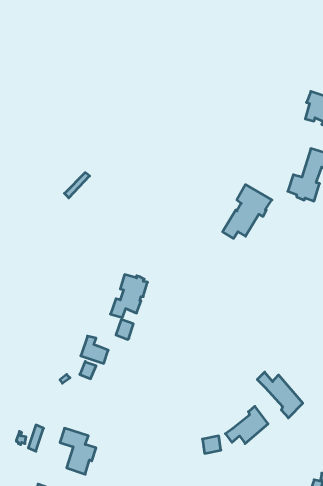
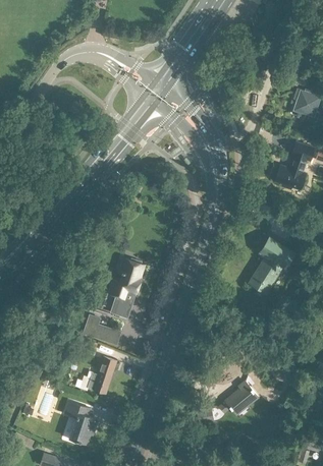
building: [223,185,272,238] -> [250,238,295,288]
building: [257,372,303,418] -> none
building: none -> [89,356,118,394]

